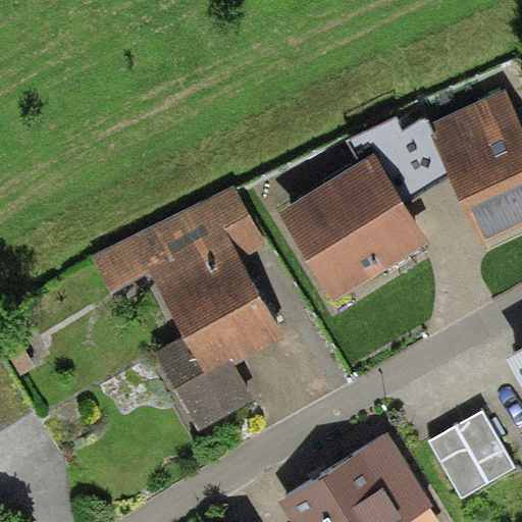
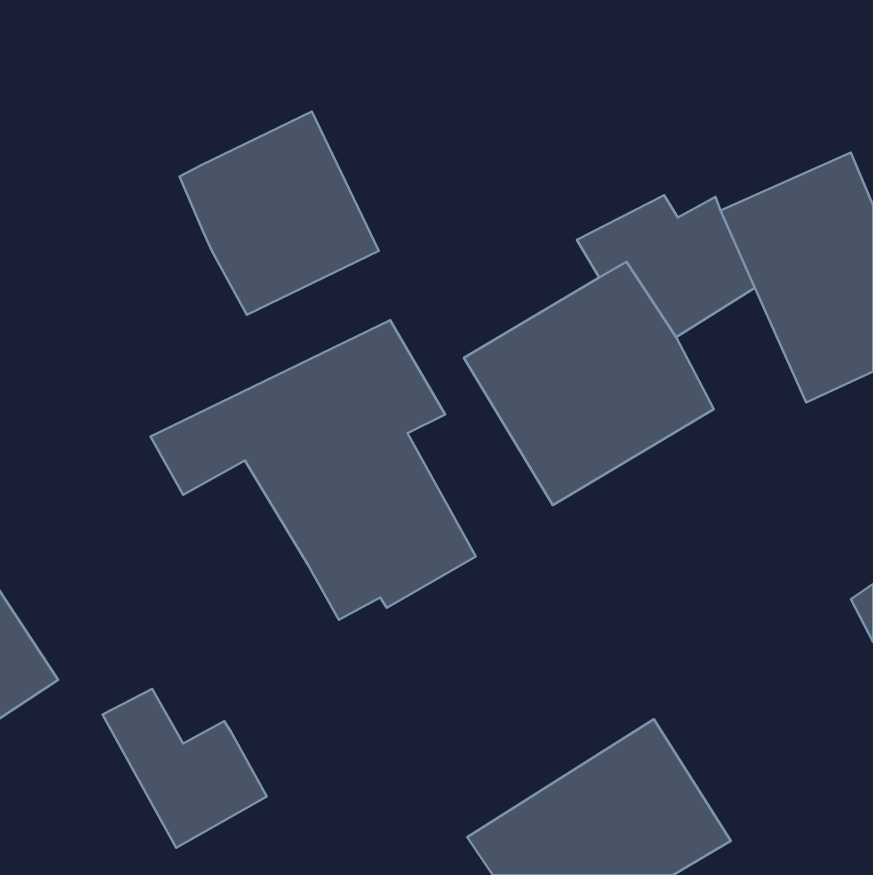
building: none -> [179,111,379,315]
building: [154,336,252,431] -> [103,689,267,848]
building: [426,410,513,498] -> none

